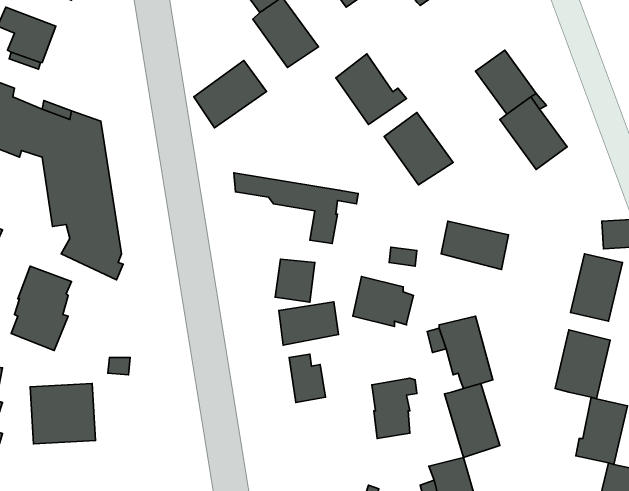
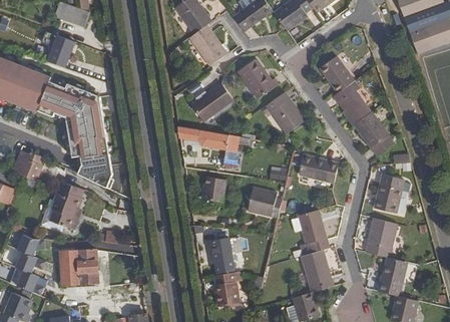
building: [194,61,266,128] -> [190,82,233,121]
building: none -> [353,111,393,155]
building: [279,302,339,345] -> none
building: [372,378,417,438] -> [214,271,241,306]

